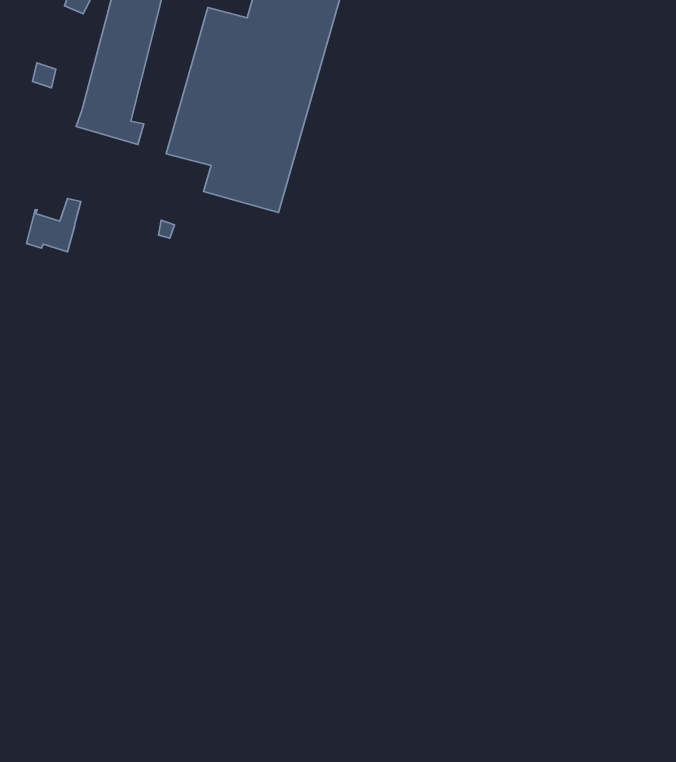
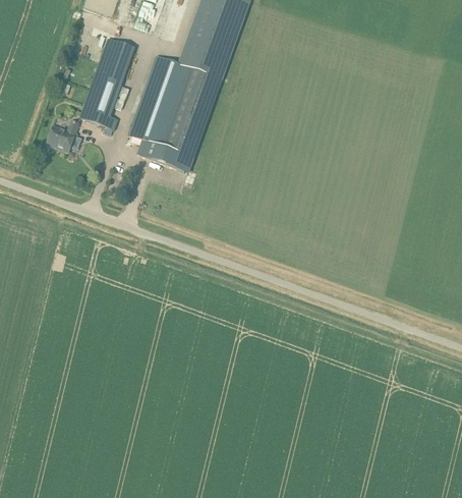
building: [26,199,81,252] -> [48,121,79,151]

